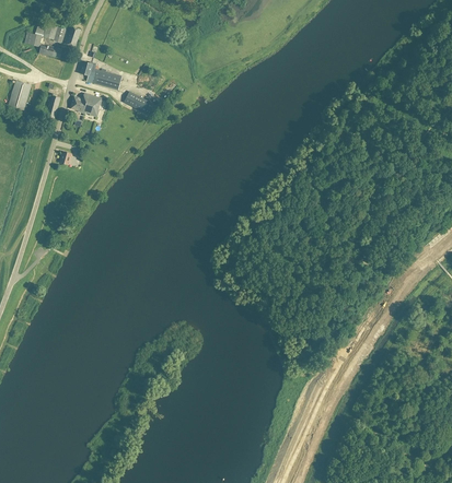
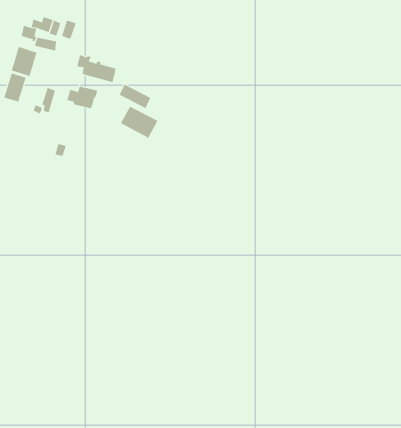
building: none -> [11,46,37,77]
building: none -> [120,106,158,138]

